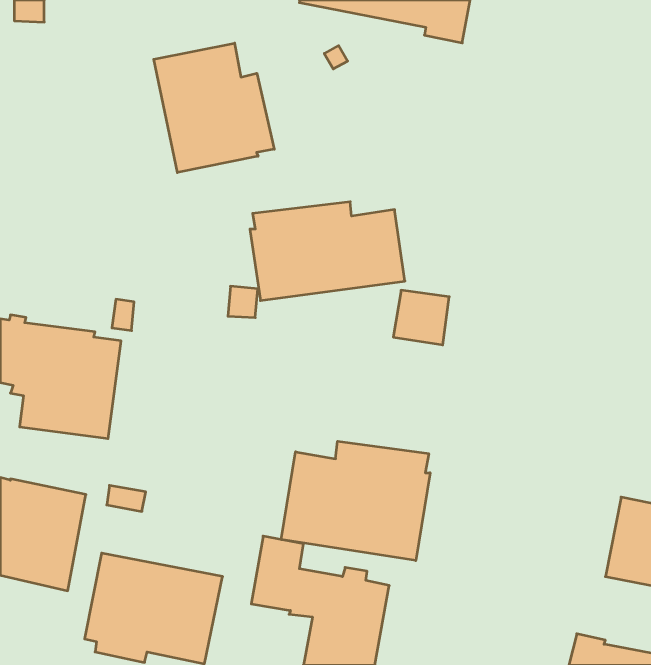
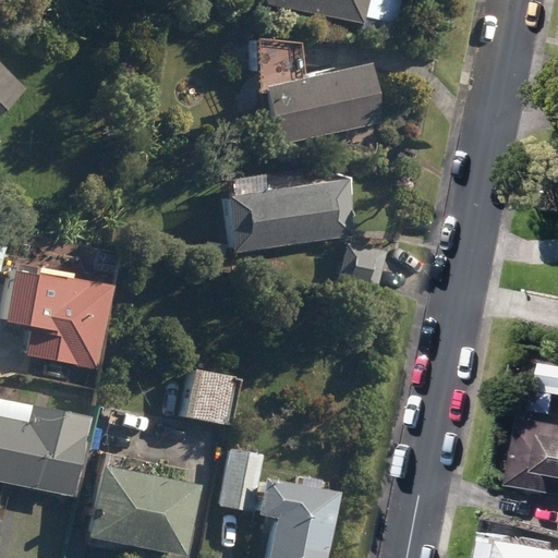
building: [154,43,274,173] -> none
building: none -> [259,61,383,146]
building: none -> [183,368,239,424]
building: [281,441,430,561] -> none

